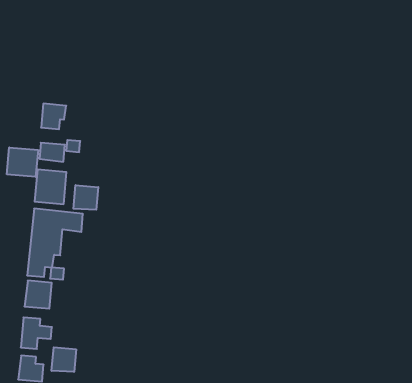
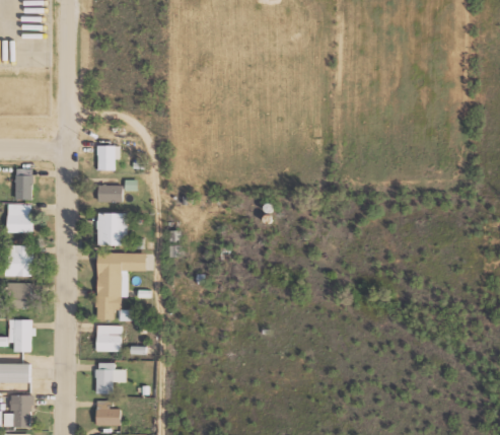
building: [7,147,38,177] -> none
building: [73,185,98,210] -> none
building: [52,347,76,372] -> none

